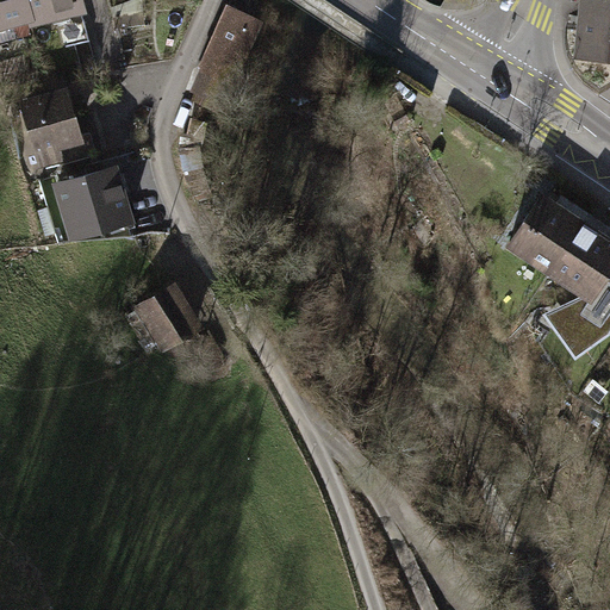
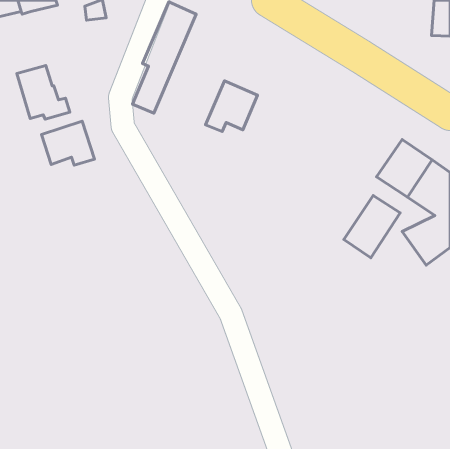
building: none -> [206,81,258,132]
building: none -> [344,195,400,258]
building: [139,287,197,342] -> none

